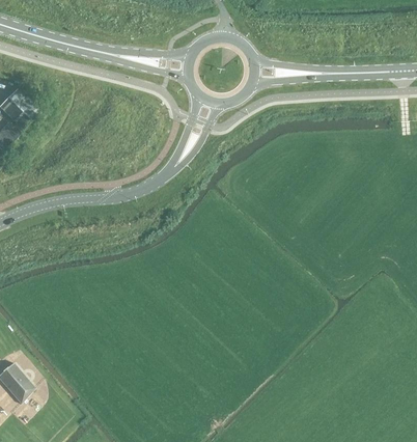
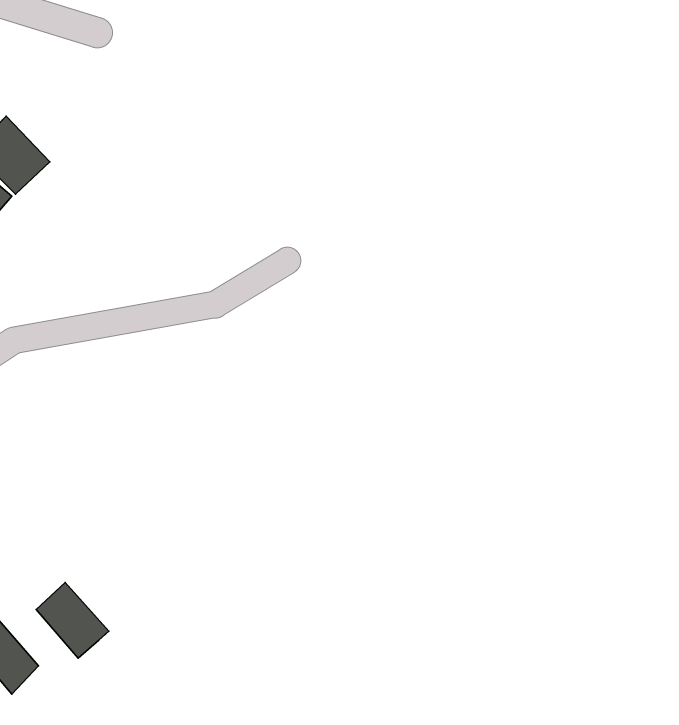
building: none -> [36,582,109,658]

